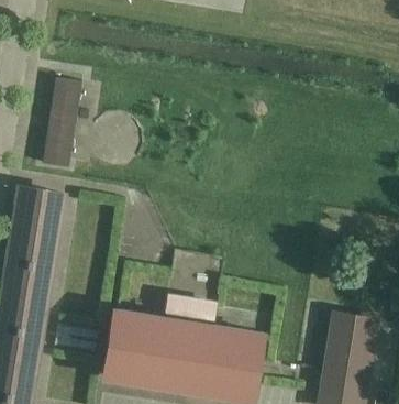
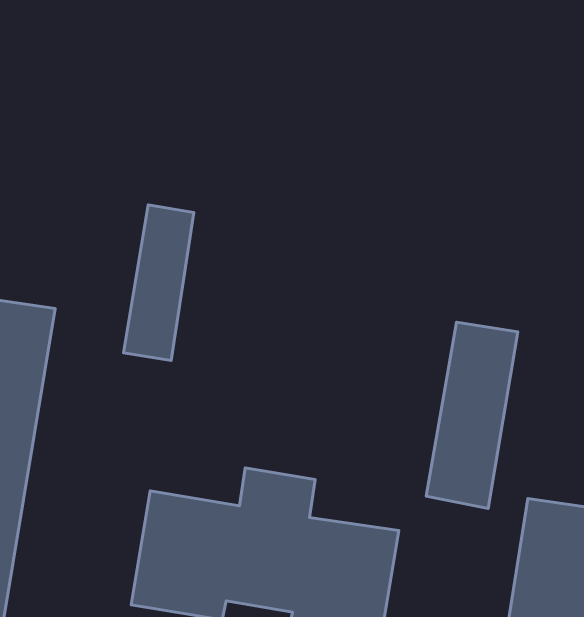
building: [42,79,82,170] -> [124,205,194,361]
building: none -> [426,322,518,509]

